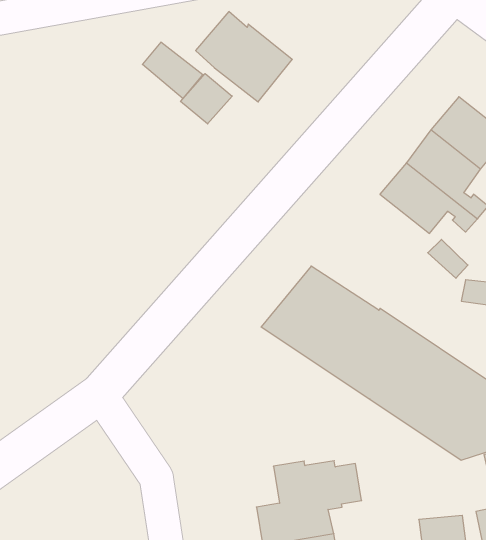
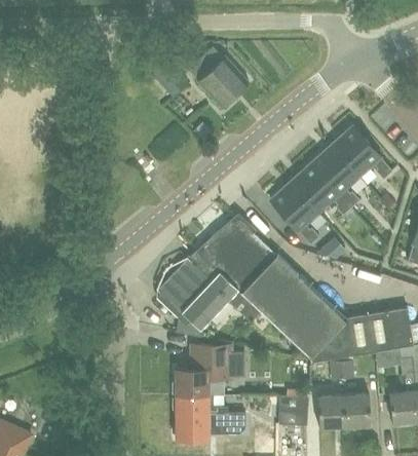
building: [181,74,232,124] -> none
building: none -> [269,181,317,244]
building: none -> [156,254,261,331]

